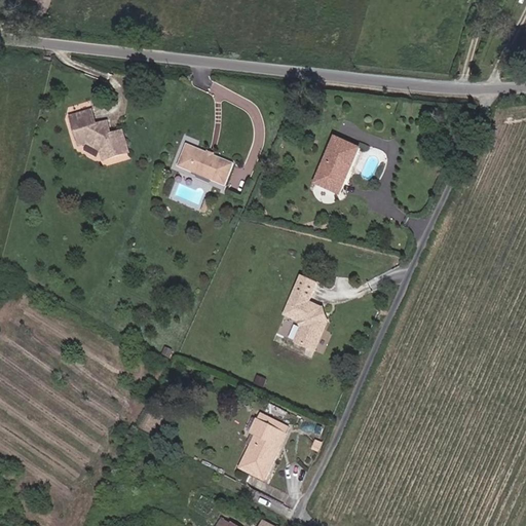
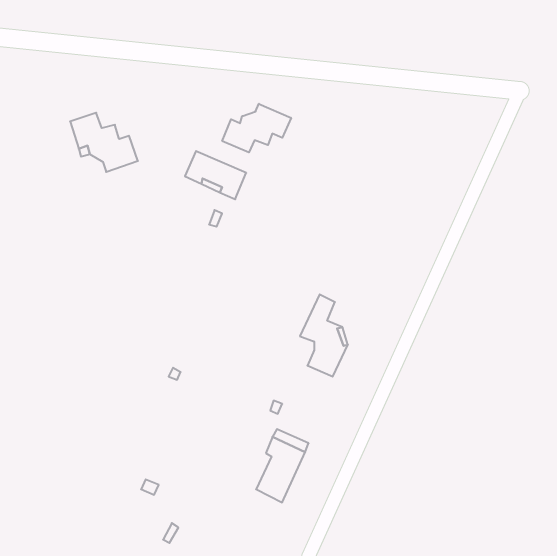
building: none -> [222,104,291,152]
building: [311,137,358,193] -> none

